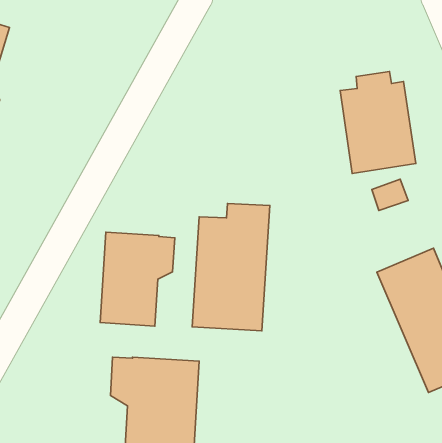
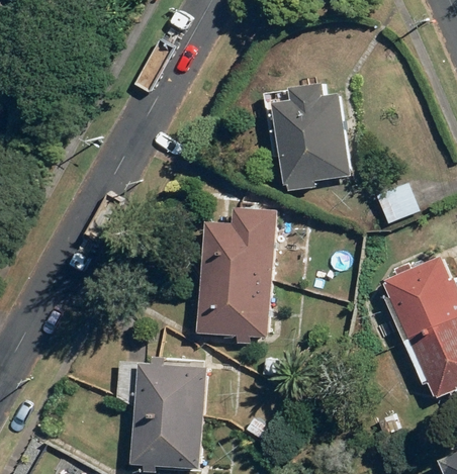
building: [340,71,416,174] -> [272,84,348,186]
building: [100,232,175,326] -> none

